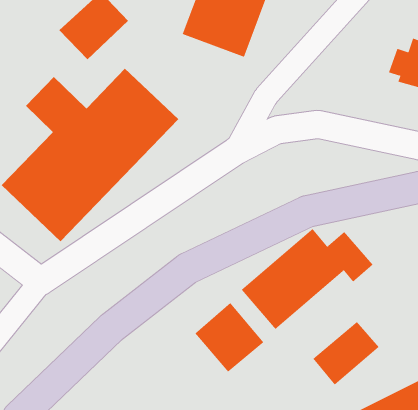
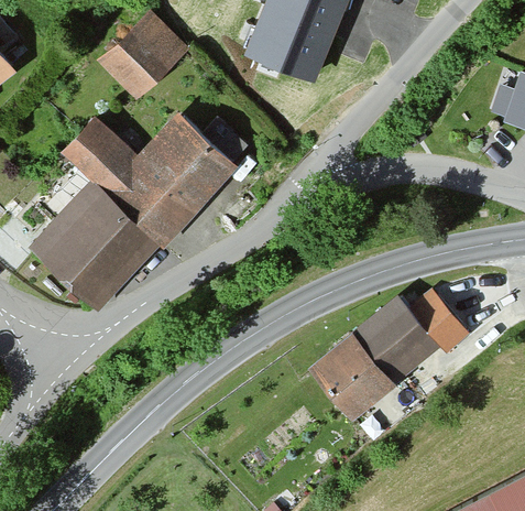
building: [194,302,264,373] -> none
building: [312,321,379,386] -> none

